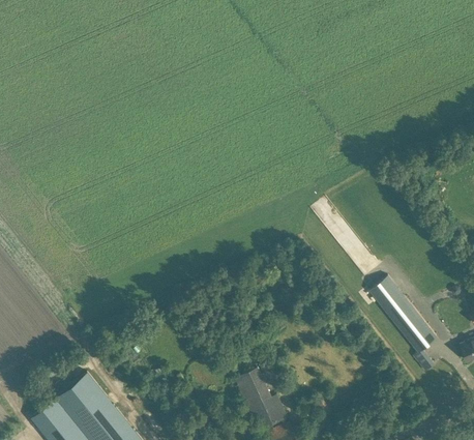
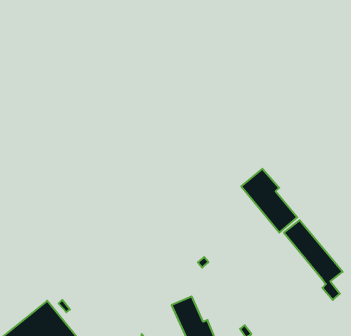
building: none -> [241,169,297,233]

